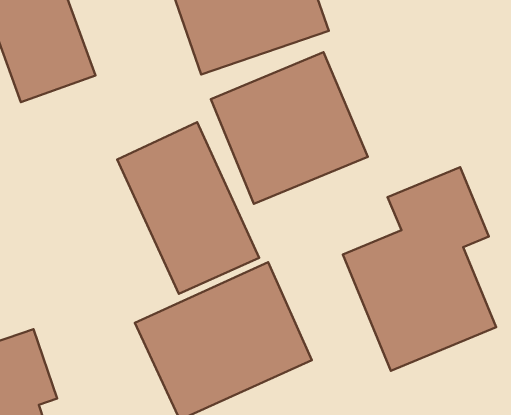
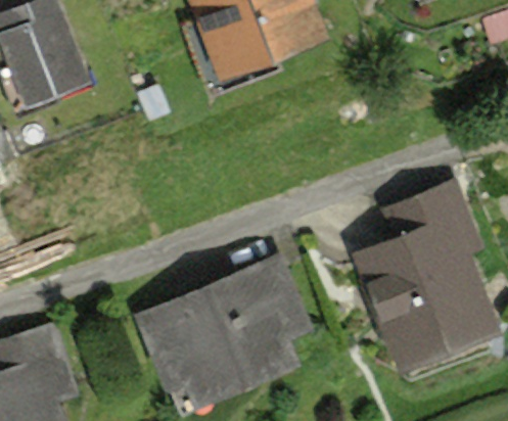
building: [211,52,368,204] -> none
building: [117,122,259,294] -> none

